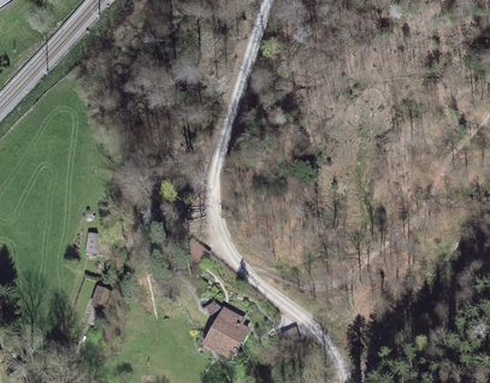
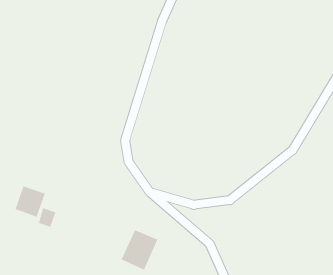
building: none -> [15,185,45,218]

